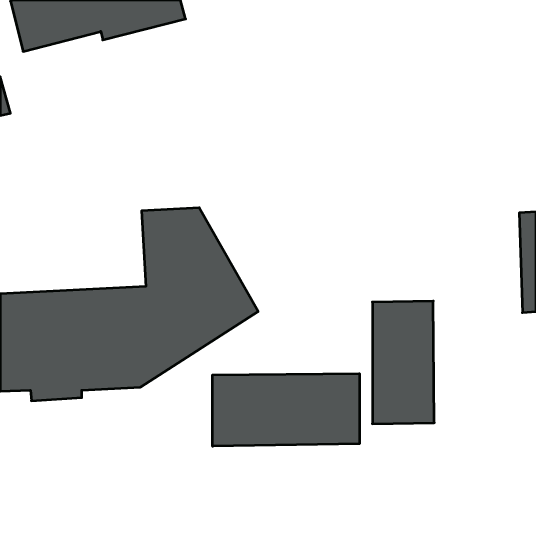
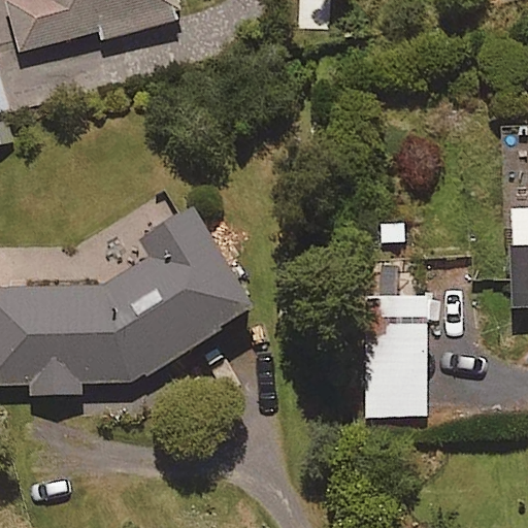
building: [213,374,359,446] -> none

